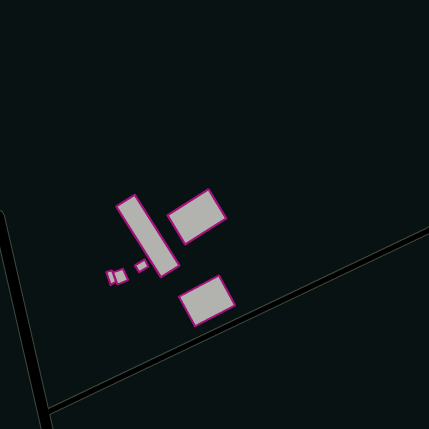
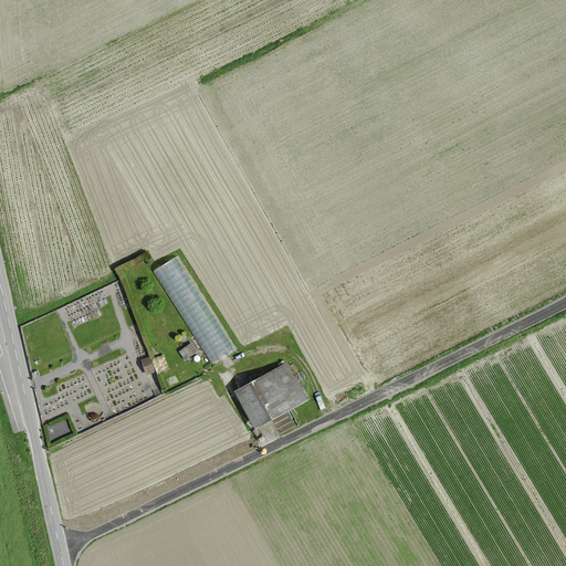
building: [167,189,226,245] -> none

